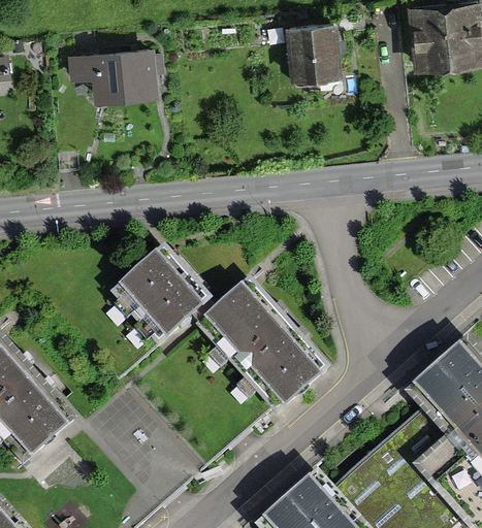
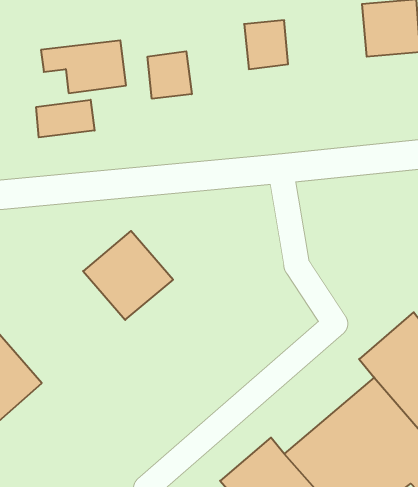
building: none -> [148,51,192,99]
building: none -> [36,100,95,137]
building: [197,282,328,415] -> none

